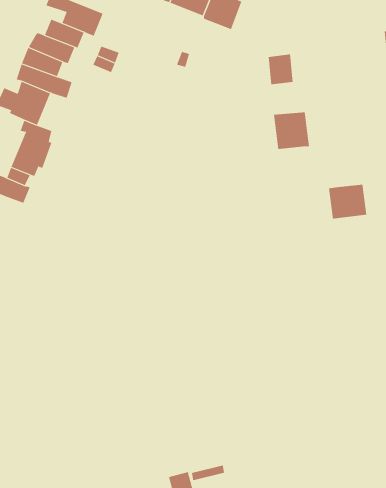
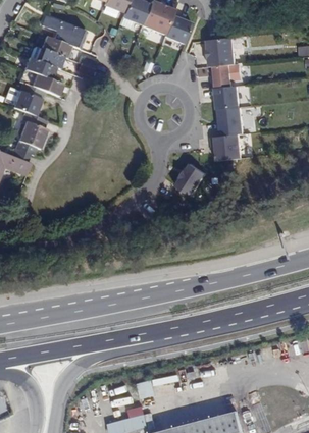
building: none -> [205,36,235,65]
building: none -> [213,83,240,108]
building: [328,184,367,219] -> [211,132,241,159]
building: none -> [172,162,201,194]

